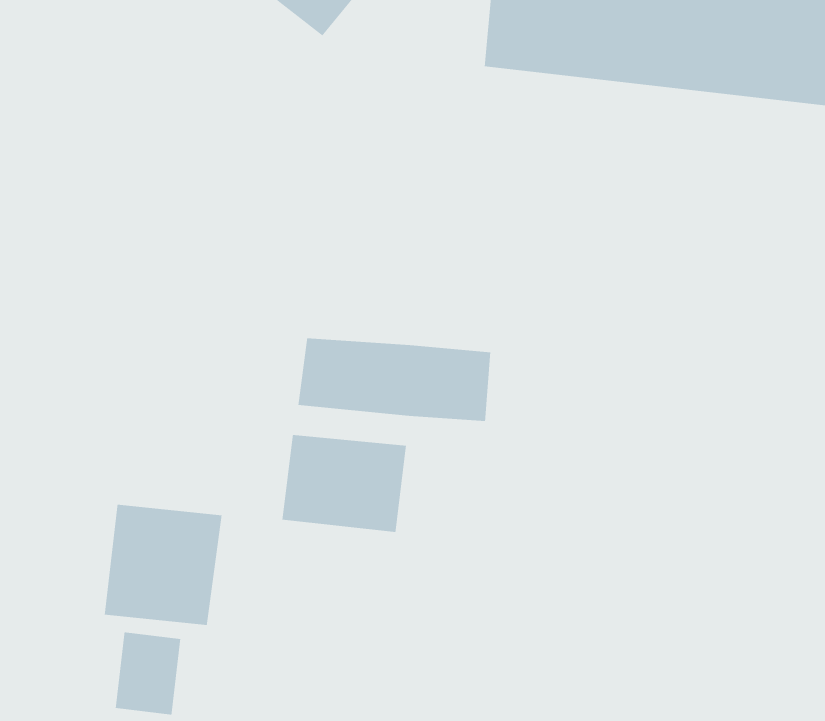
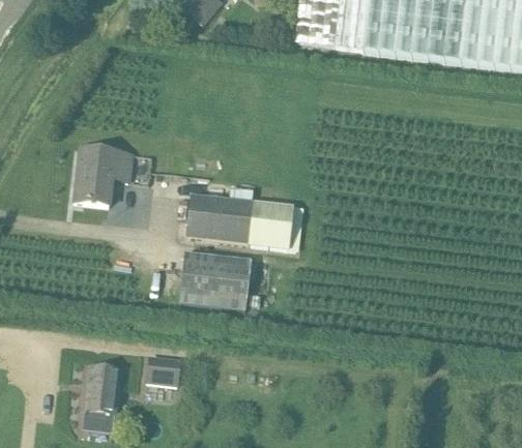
building: none -> [74,148,134,206]
building: [104,504,223,626] -> none
building: none -> [145,356,179,386]

